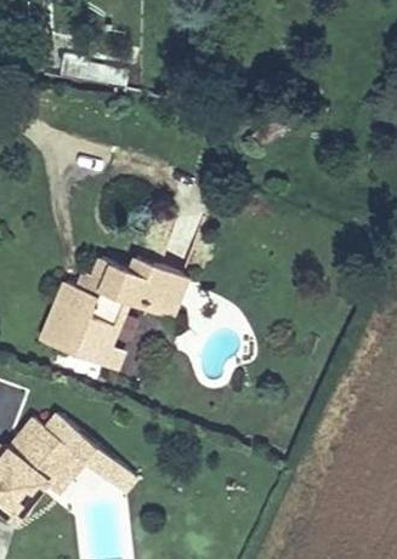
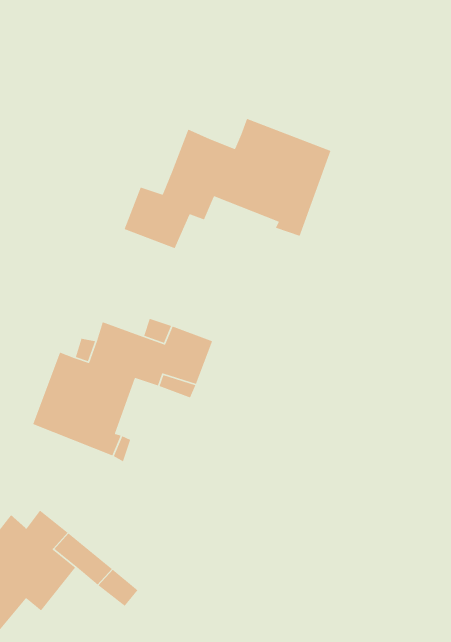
building: none -> [123,118,332,249]

